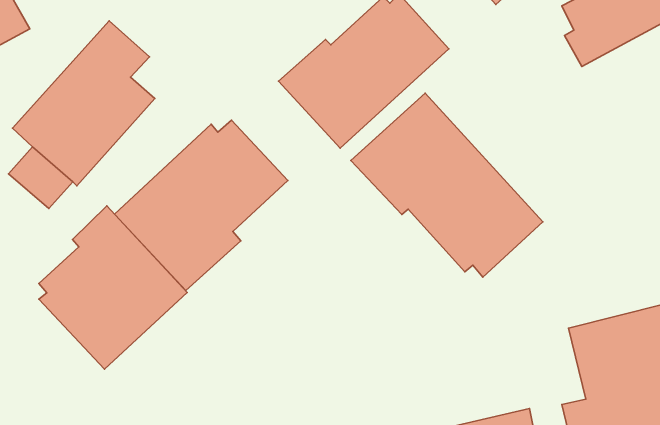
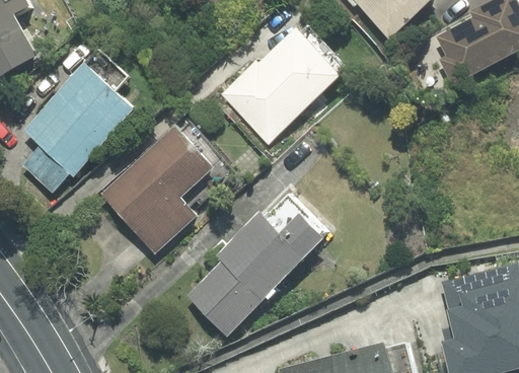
building: [351,93,543,277] -> none
building: [39,206,187,369] -> none
building: none -> [188,199,321,331]

